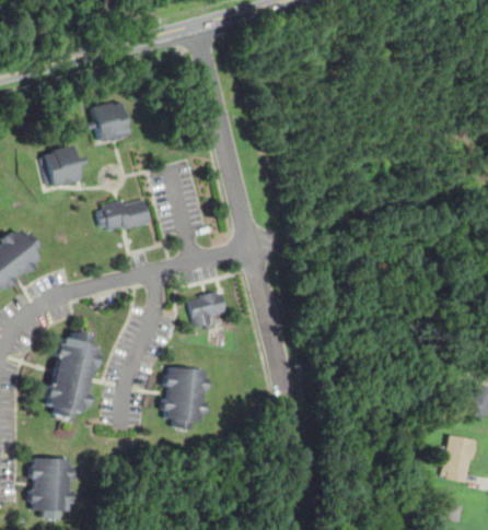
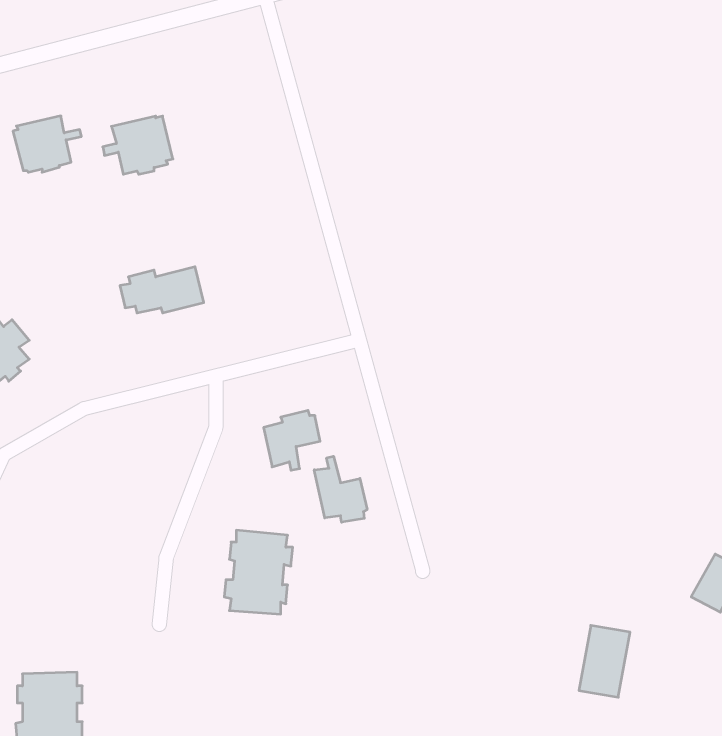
building: [42,149,85,185] -> [13,116,81,172]
building: none -> [314,456,367,522]
building: [45,331,98,417] -> none
building: [441,434,474,480] -> [579,625,630,697]

